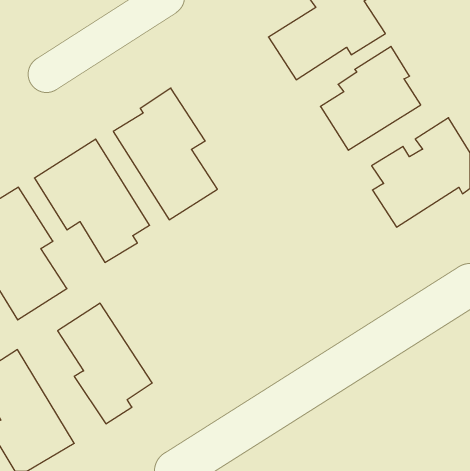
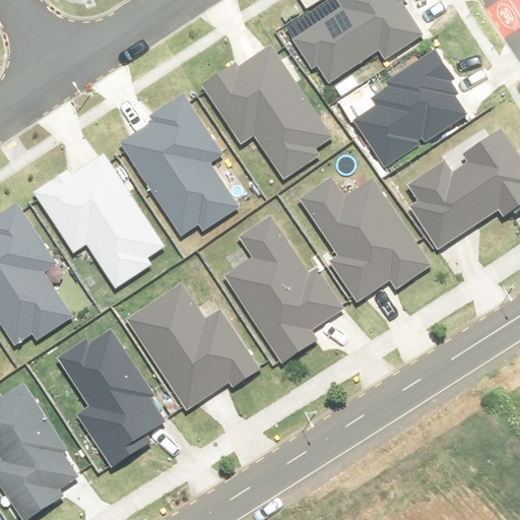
building: none -> [206,45,337,179]
building: none -> [299,176,431,302]
building: none -> [228,214,344,363]
building: none -> [123,284,254,406]

